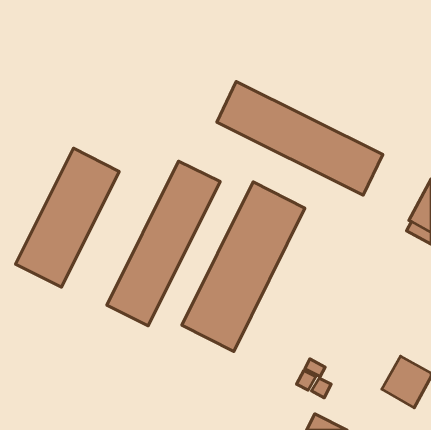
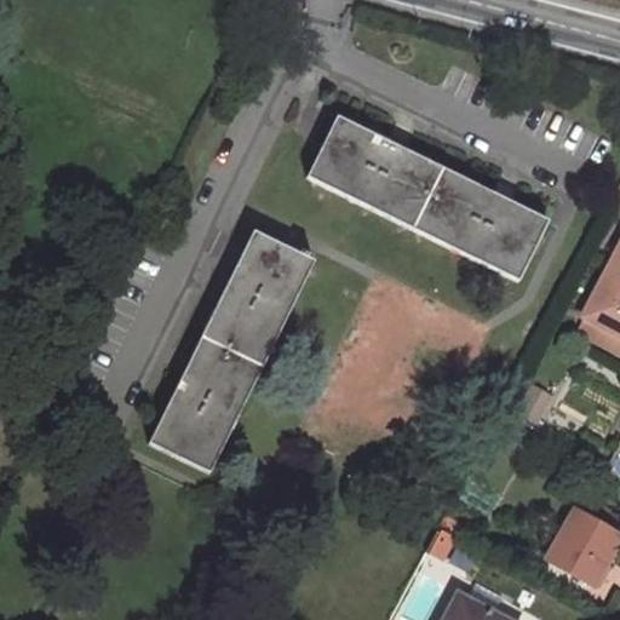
building: [16,148,119,287] -> none
building: [182,182,305,351] -> none

